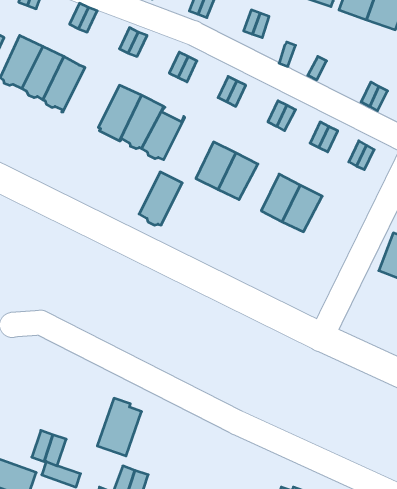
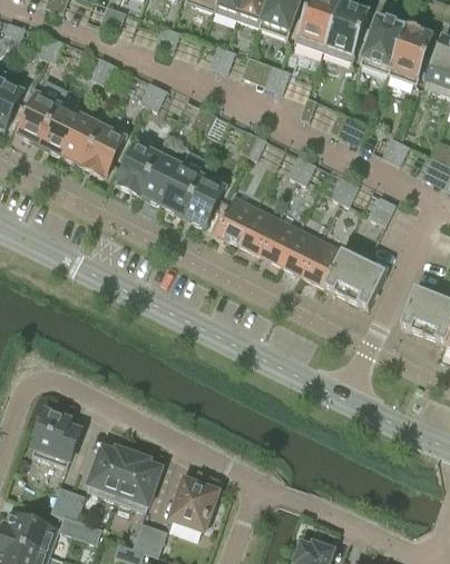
building: none -> [81,121,127,177]
building: none -> [258,218,299,265]
building: [139,172,182,225] -> [183,171,226,225]
building: none -> [323,250,385,308]
building: none -> [31,408,79,466]
building: none -> [86,446,133,501]
building: none -> [170,479,216,528]

